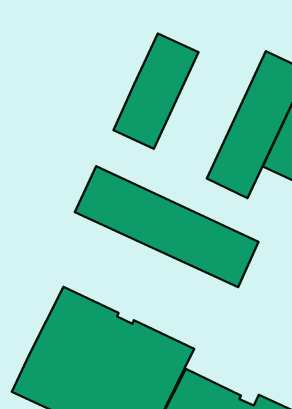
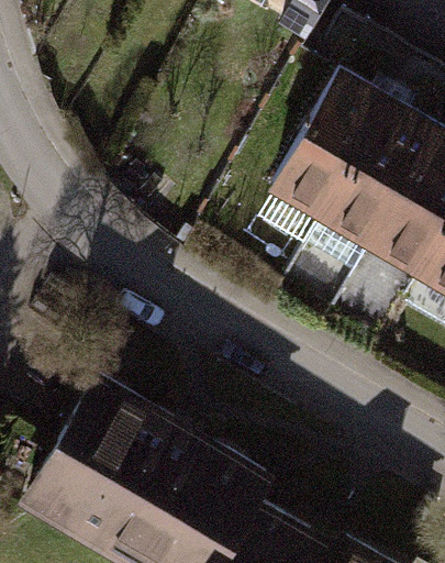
building: [113,34,198,149] -> [270,75,388,221]
building: [75,166,259,287] -> none

